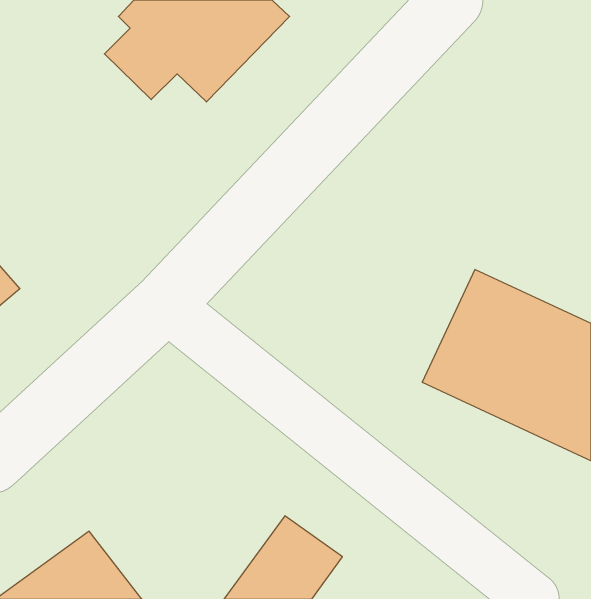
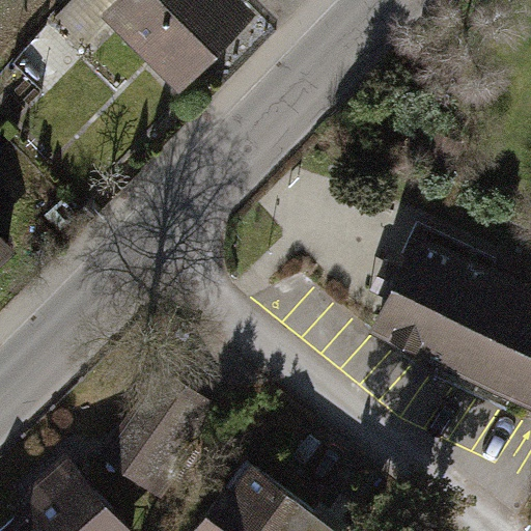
building: none -> [101,373,215,494]

